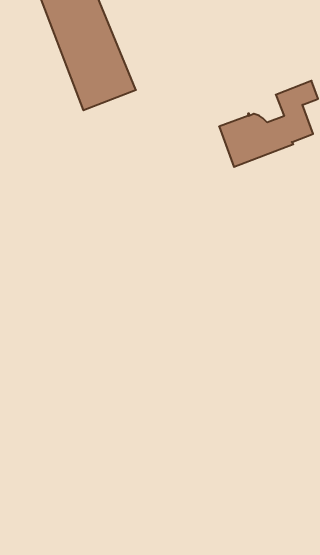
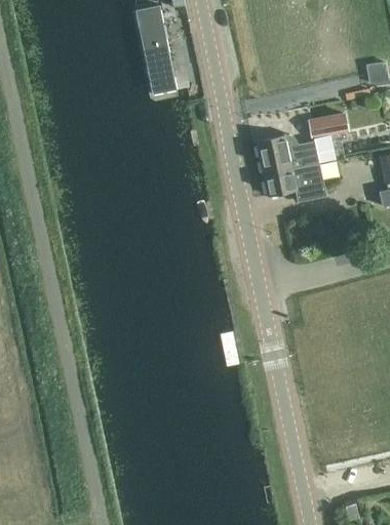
building: none -> [265,166,325,202]

